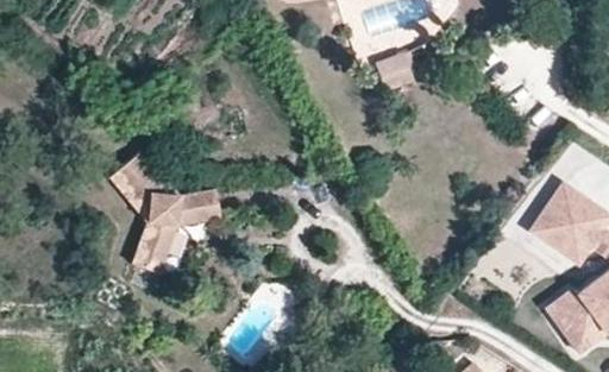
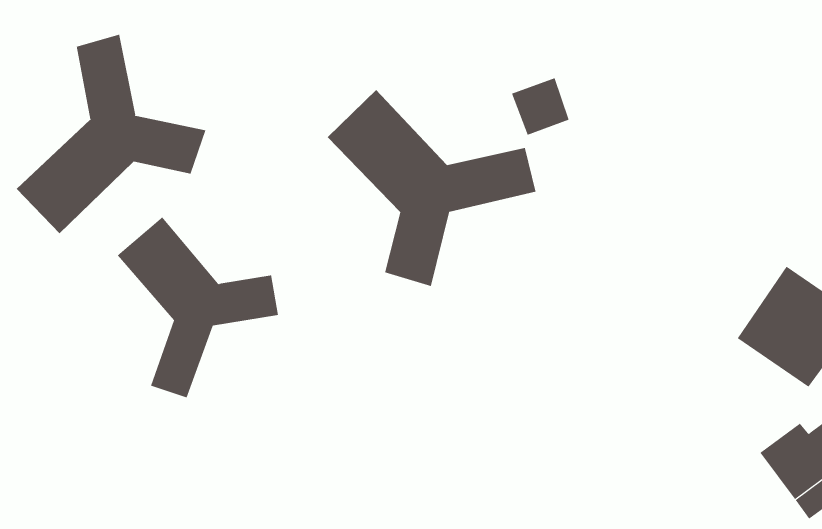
building: none -> [16,34,206,234]
building: none -> [327,89,536,287]

